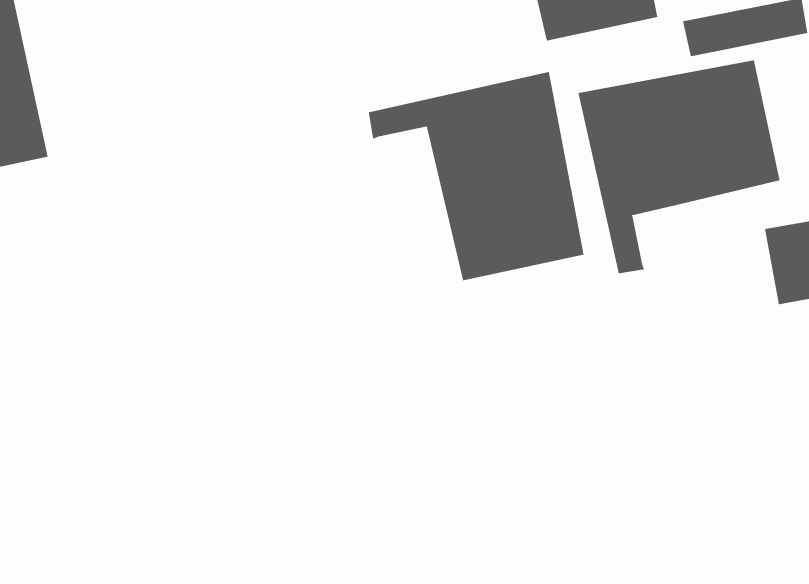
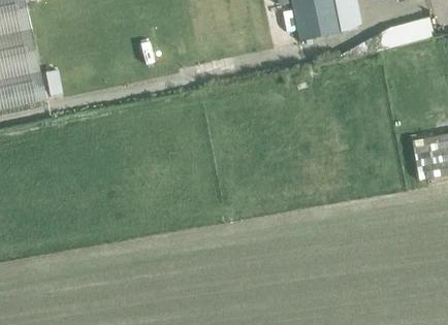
building: [578,59,780,274] -> none
building: [368,71,584,281] -> none

